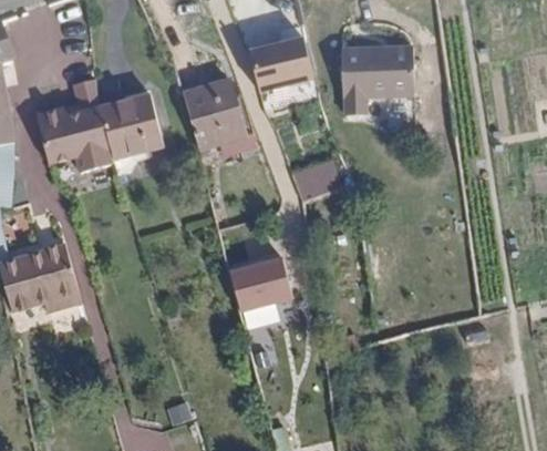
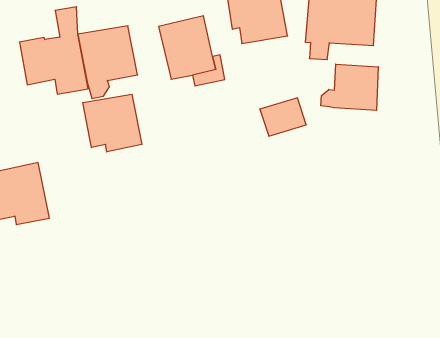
building: none -> [321,64,378,110]
building: none -> [83,94,142,152]
building: [229,254,293,308] -> none

